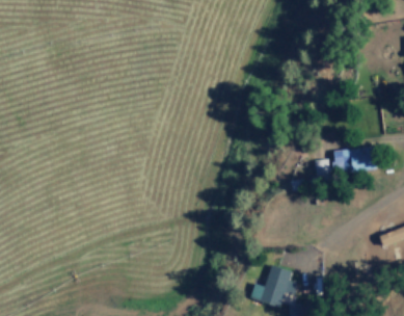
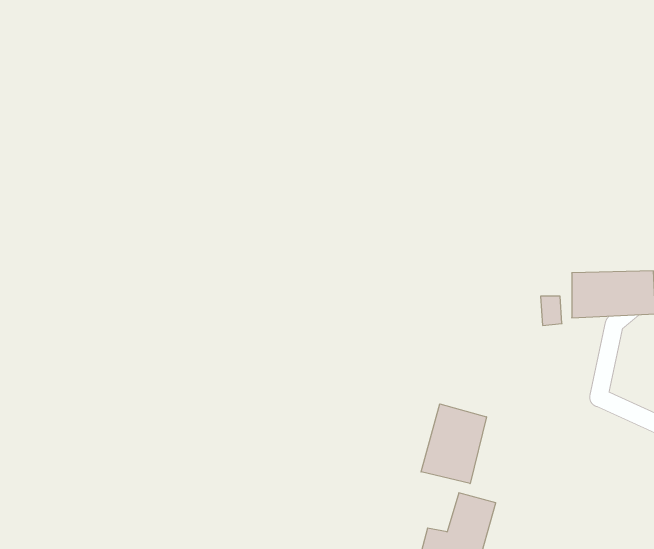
building: none -> [421,404,486,484]

